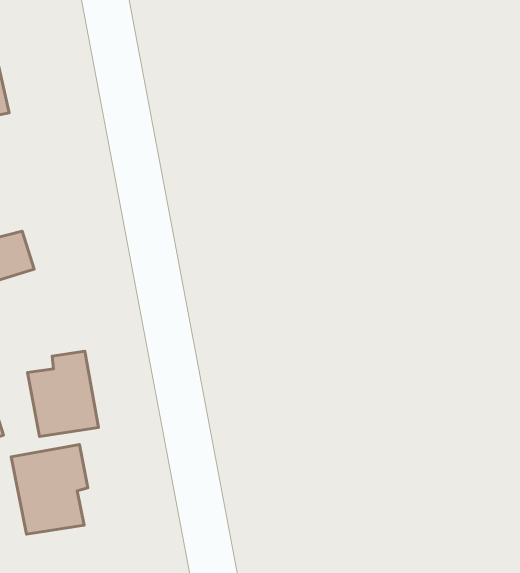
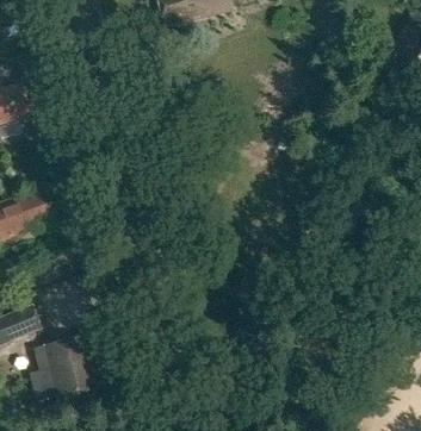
building: [27,351,98,436] -> none

